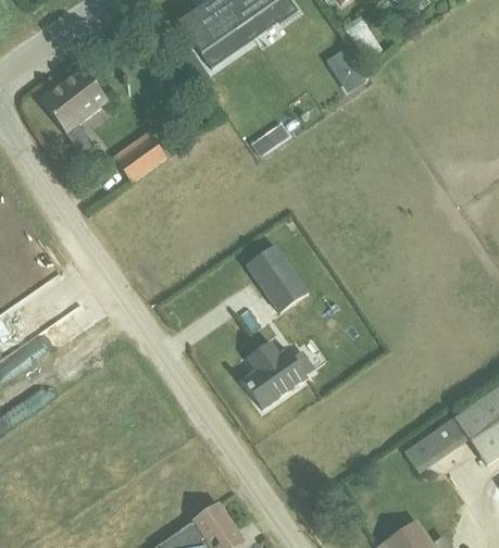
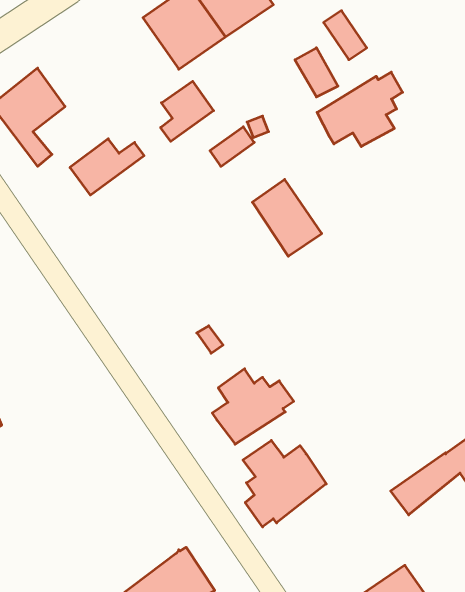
building: none -> [317,72,403,147]
building: none -> [161,81,214,141]
building: [247,244,310,313] -> [252,179,322,256]
building: none -> [243,440,326,527]

